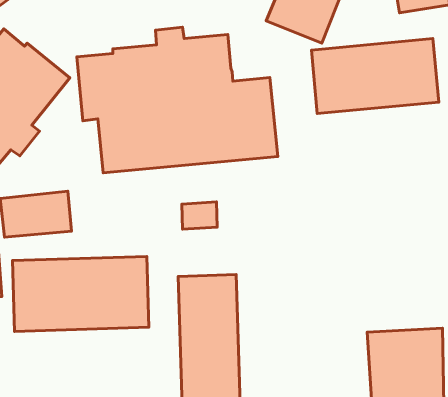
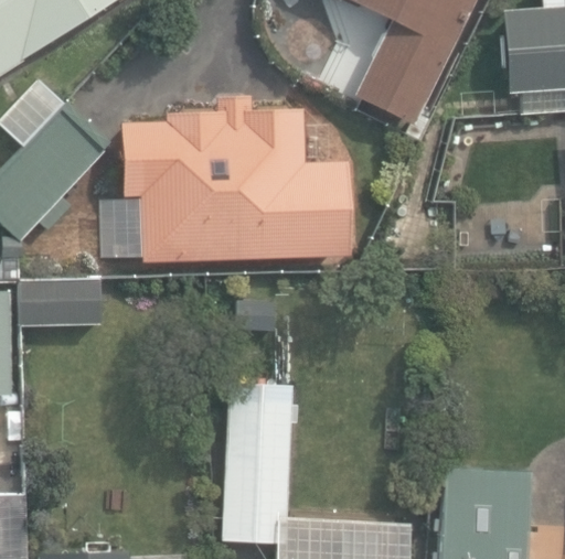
building: [311,39,439,114] -> none
building: [13,256,149,331] -> none

